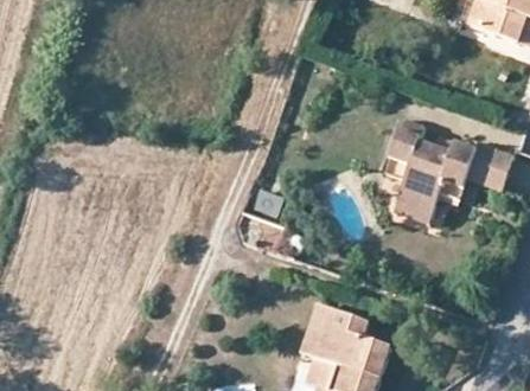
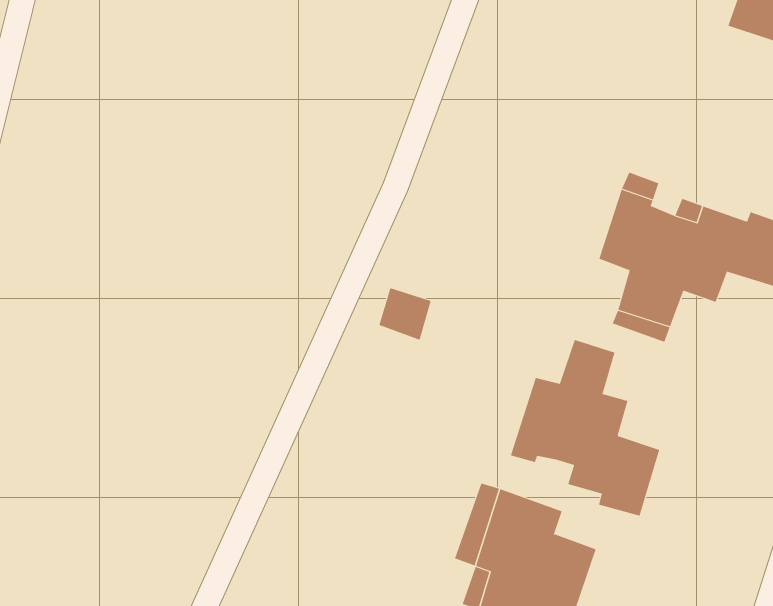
building: none -> [510,339,660,516]

